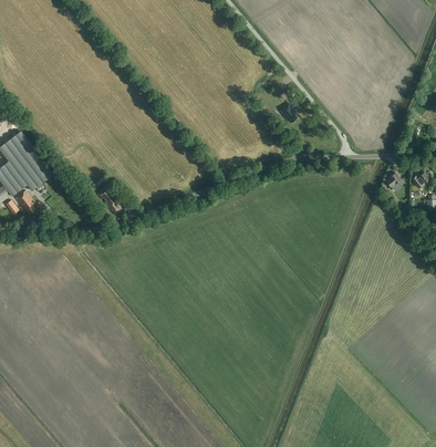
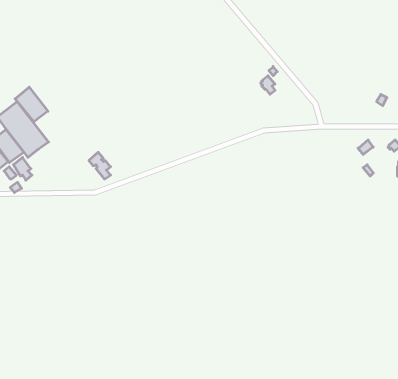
building: none -> [15,87,48,122]

